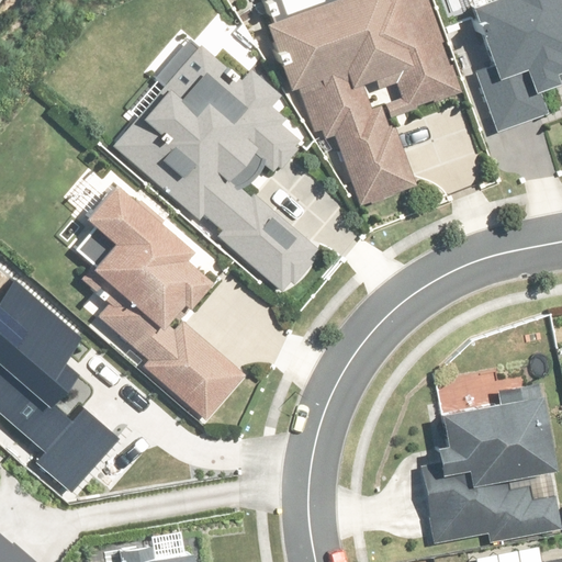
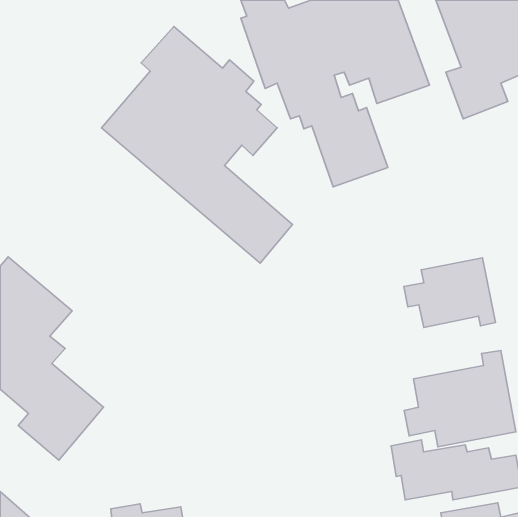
building: [72,184,232,414] -> none
building: none -> [404,258,496,327]

